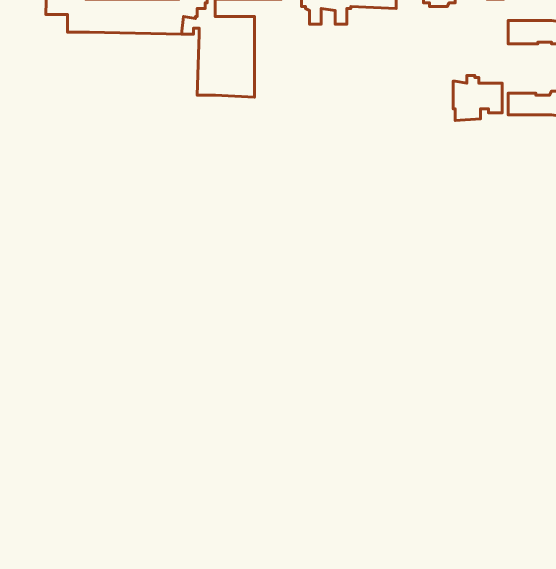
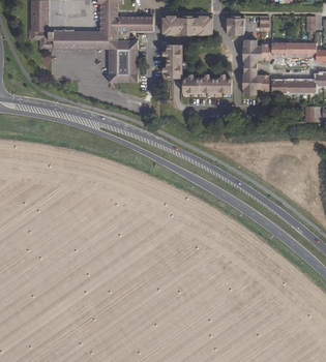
building: none -> [242,39,269,63]
building: none -> [162,43,231,97]

